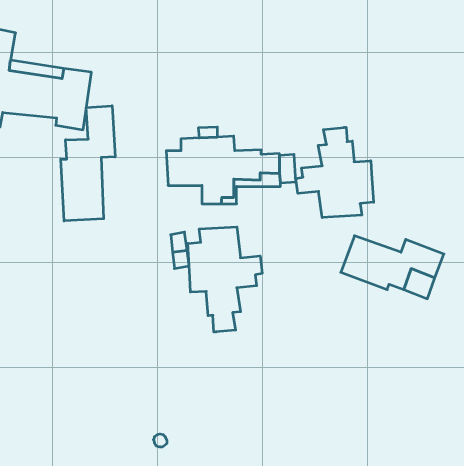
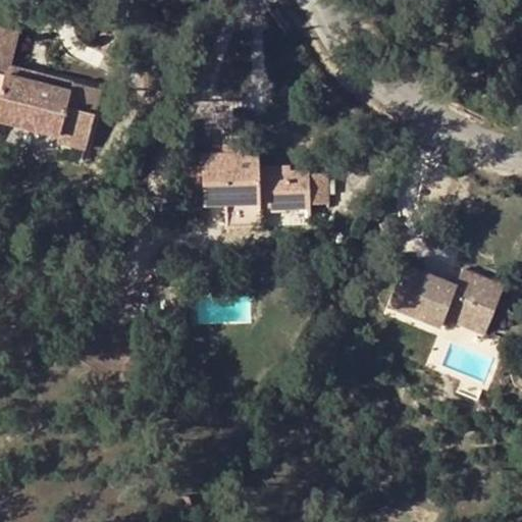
building: [61,106,115,221] -> none
building: [296,127,374,218] -> none
building: [188,227,262,332] -> none

